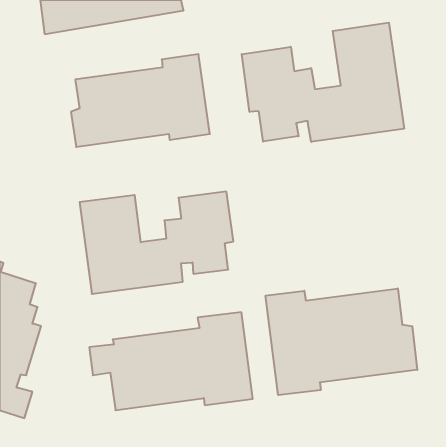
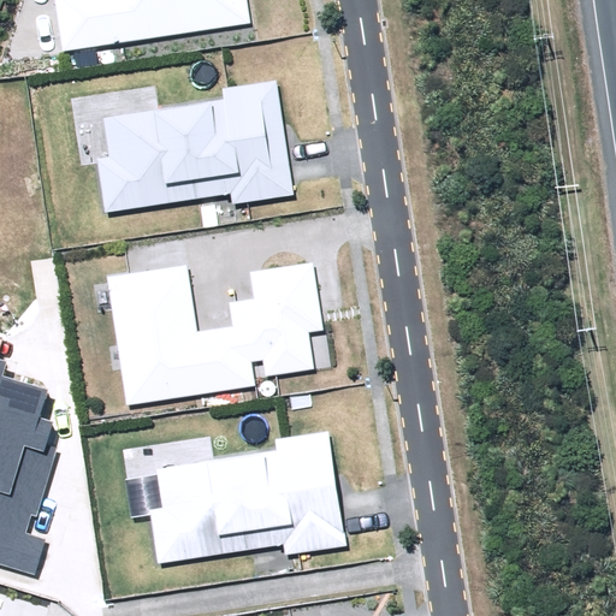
building: [242,23,404,142] -> none
building: [266,288,417,395] -> none

